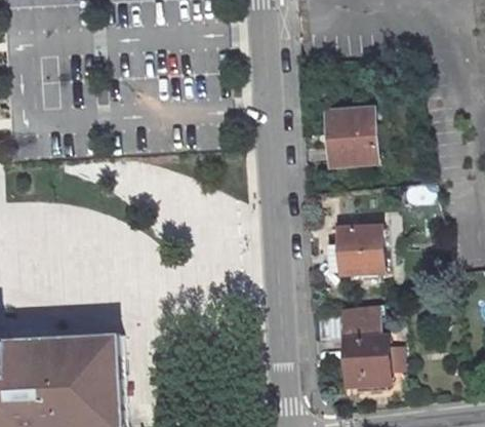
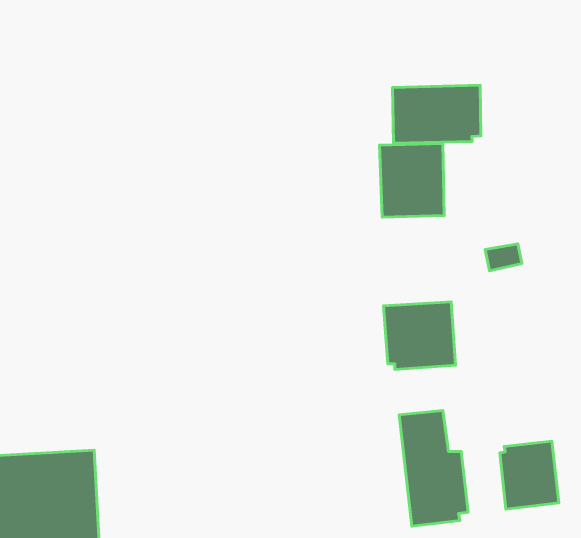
building: none -> [392,85,481,143]
building: none -> [500,441,559,509]

